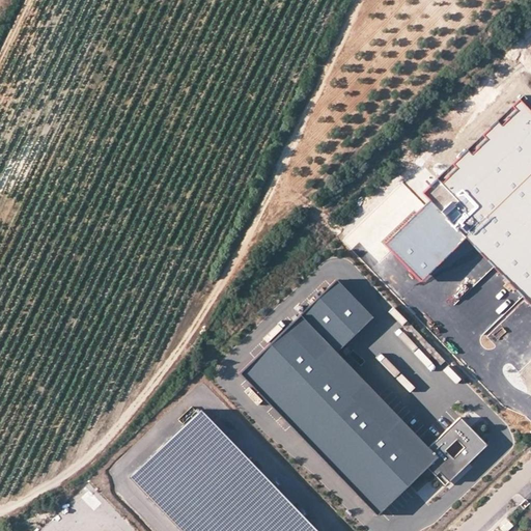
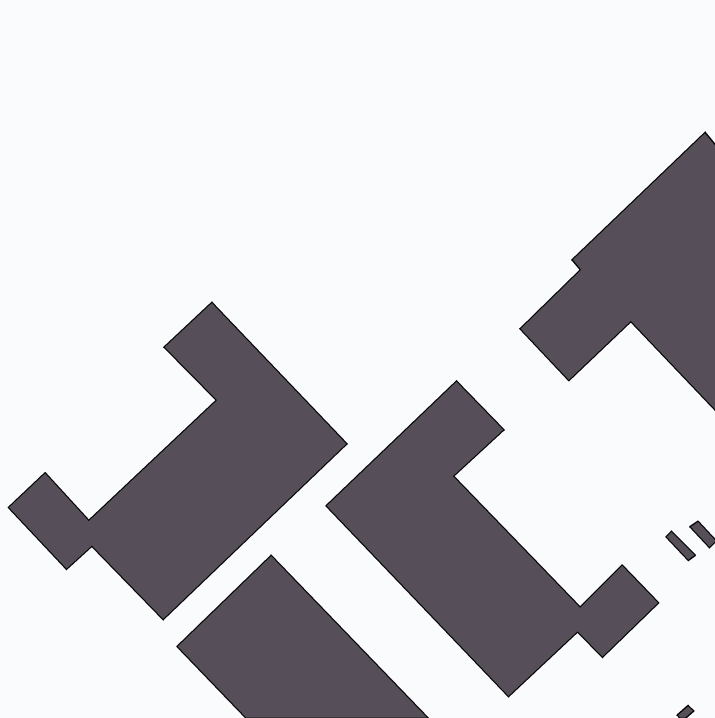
building: none -> [8,302,347,620]

